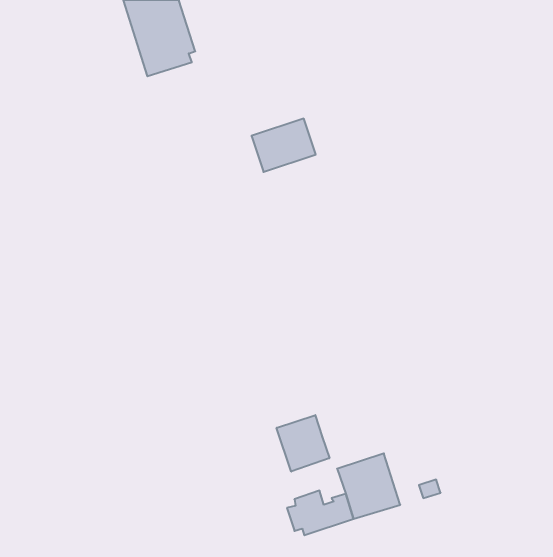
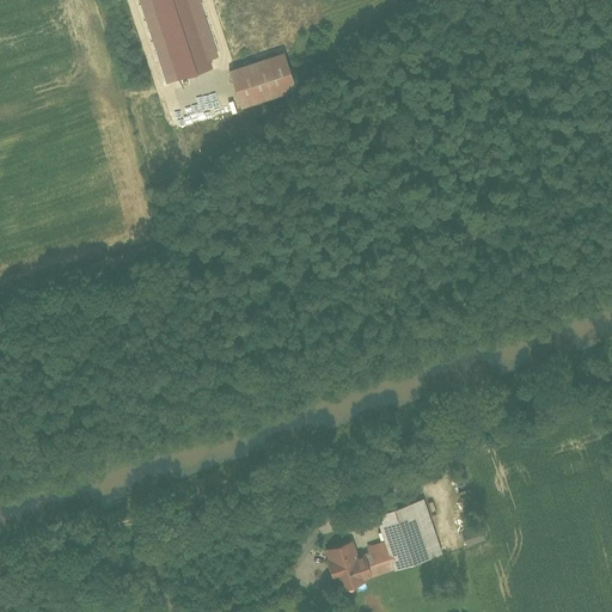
building: [251,119,316,172] -> [227,51,298,110]
building: [277,415,329,472] -> none

